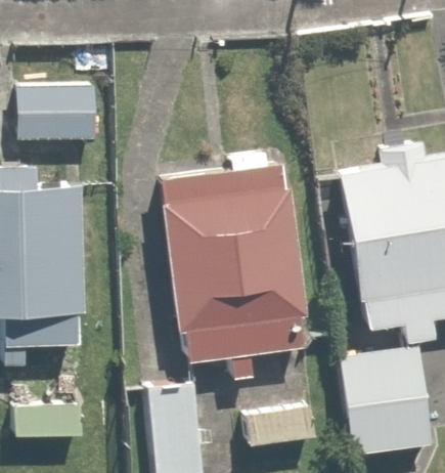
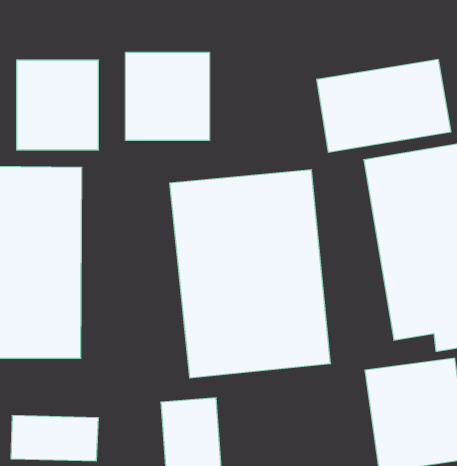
building: none -> [126,52,209,140]
building: none -> [317,59,451,152]

